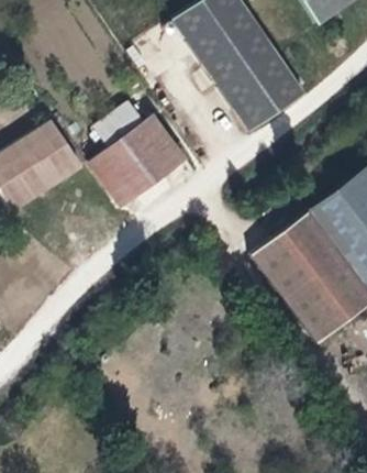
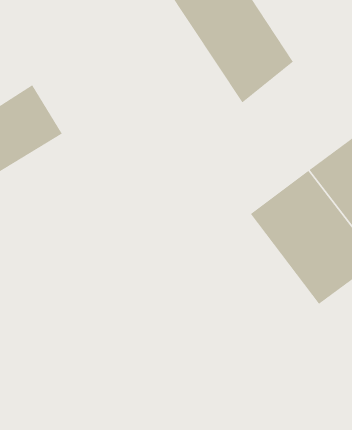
building: [82,120,178,212] -> none

